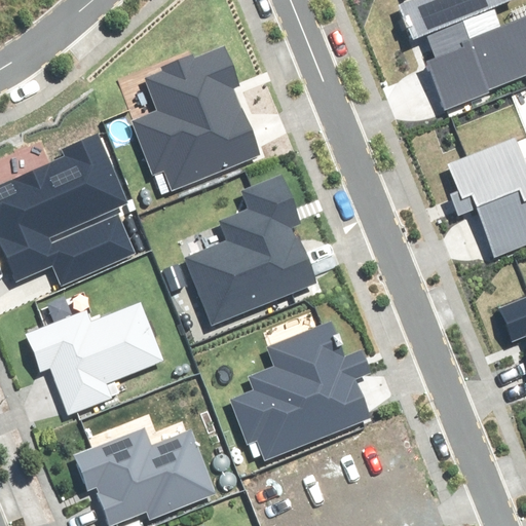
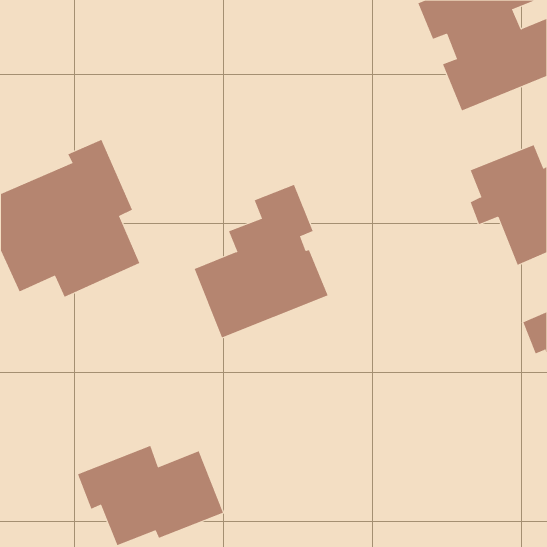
building: [134,48,259,189] -> none
building: [27,304,163,414] -> none
building: [229,323,371,458] -> none

